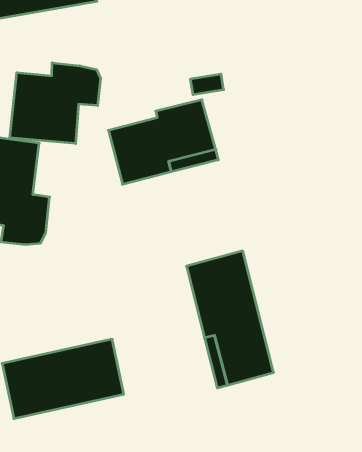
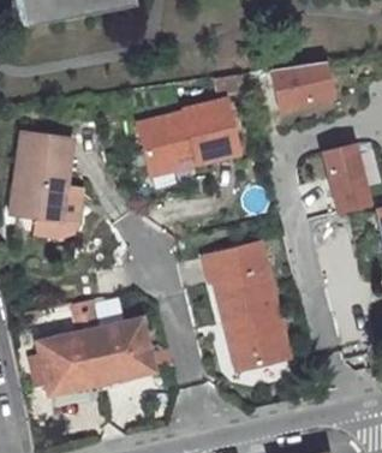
building: none -> [268,60,333,108]
building: [10,63,100,144] -> none
building: none -> [326,147,369,215]

